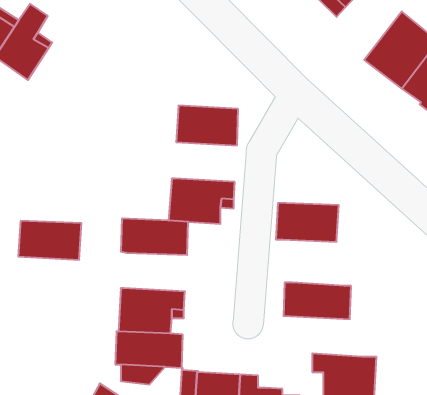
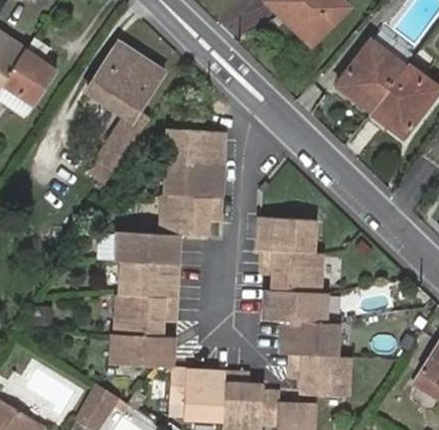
building: none -> [84,43,163,186]
building: none -> [166,160,223,196]
building: [18,221,81,260] -> [120,261,177,296]
building: none -> [263,249,322,291]
building: none -> [282,319,338,355]

